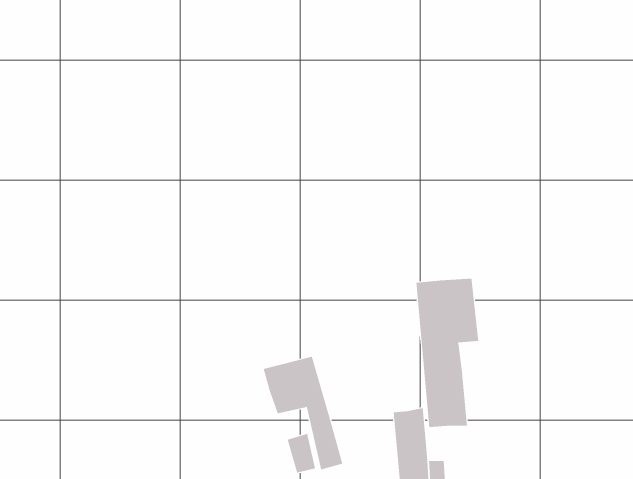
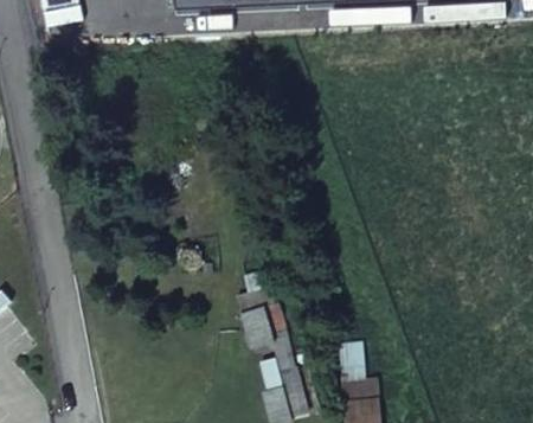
building: [416,278,479,428] -> none

